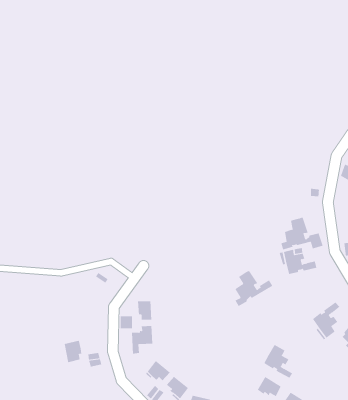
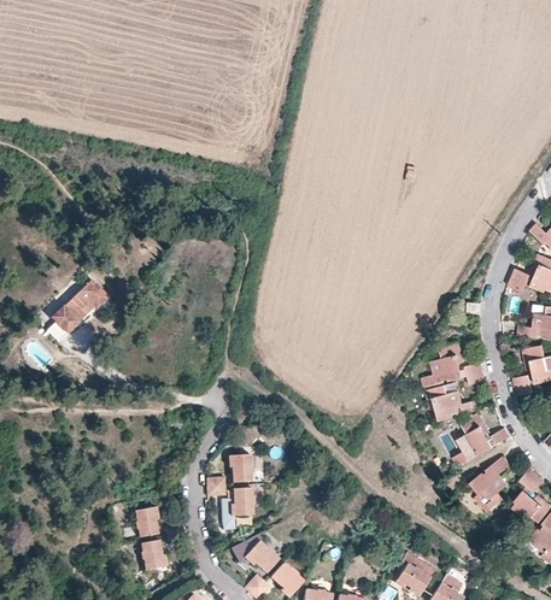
building: none -> [47,280,107,341]
building: [235,270,273,307] -> [458,413,511,464]
building: [263,344,293,379] -> none
building: none -> [136,545,163,575]

